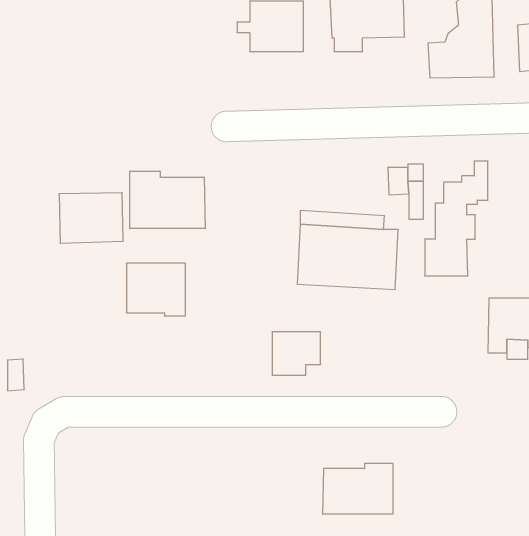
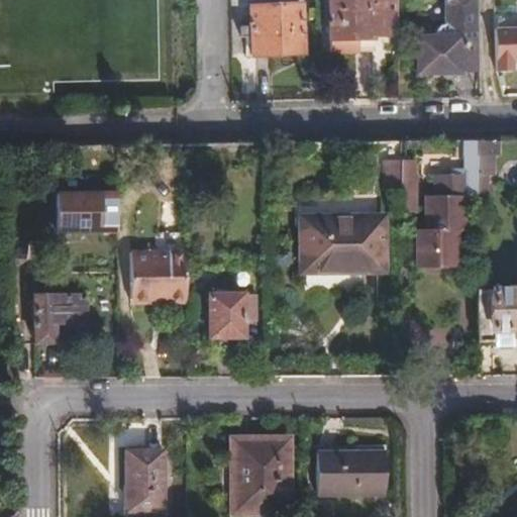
building: none -> [477,138,501,195]
building: [130,171,205,229] -> none
building: none -> [32,280,87,337]
building: [272,332,321,375] -> [210,293,256,334]
building: none -> [236,438,290,507]
building: none -> [128,448,166,509]

